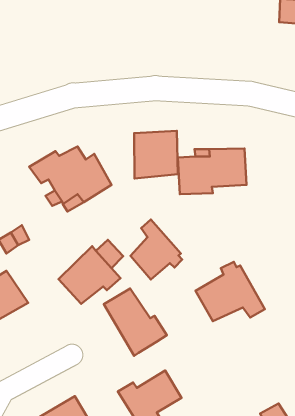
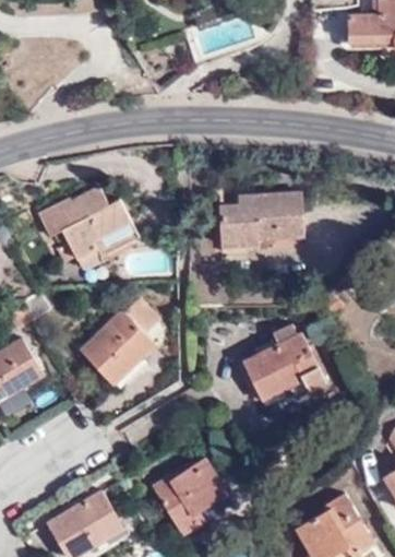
building: [134,131,178,179] -> none
building: [130,220,182,279] -> none
building: [104,289,167,356] -> none

